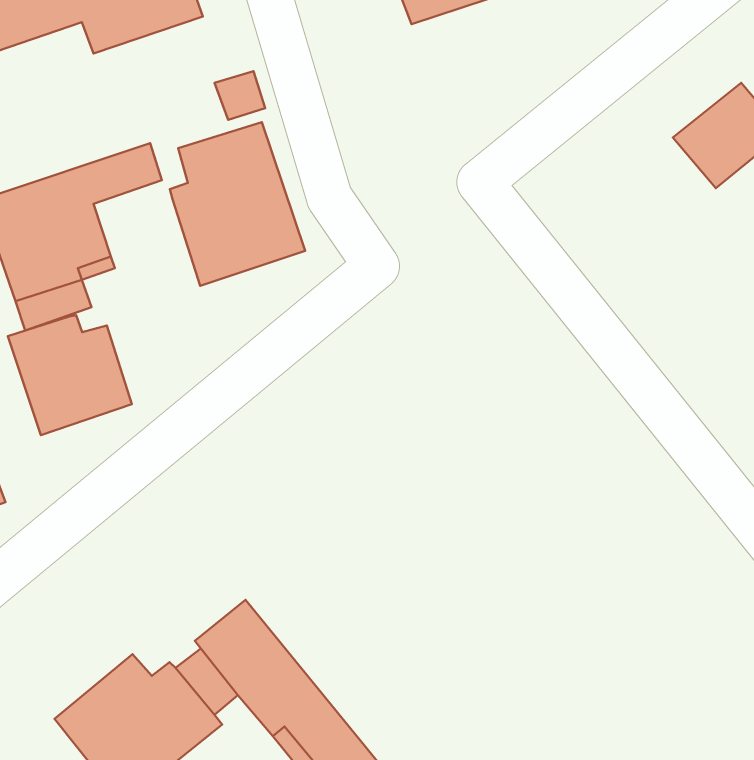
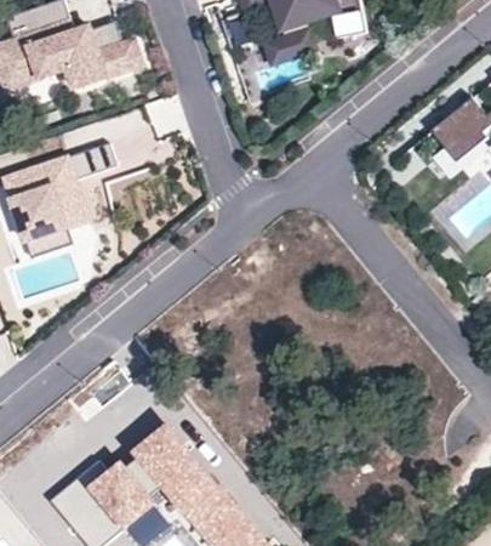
building: [170,122,305,286] -> none
building: [8,315,132,435] -> none

